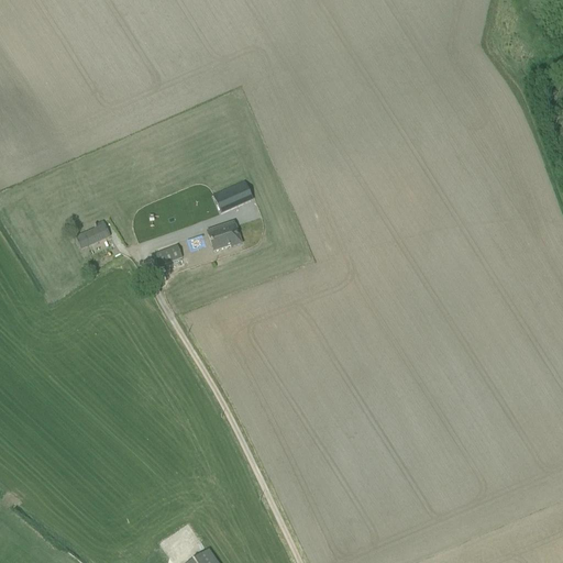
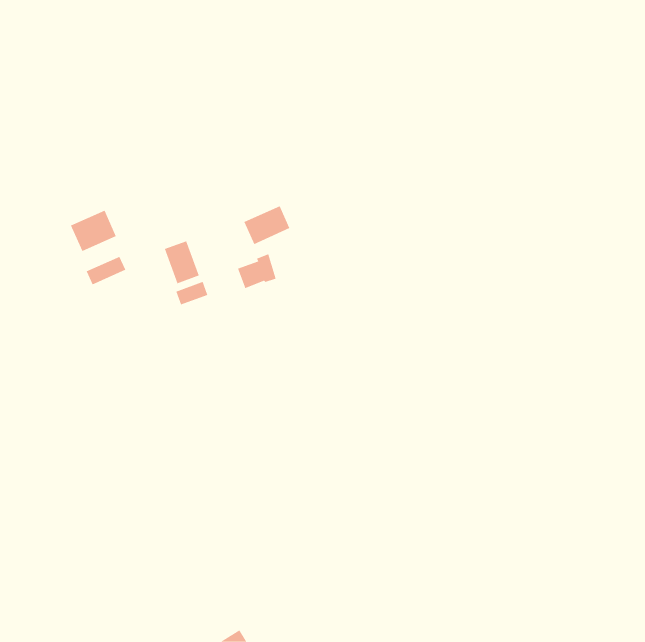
building: none -> [70,210,117,252]
building: none -> [164,240,199,284]

